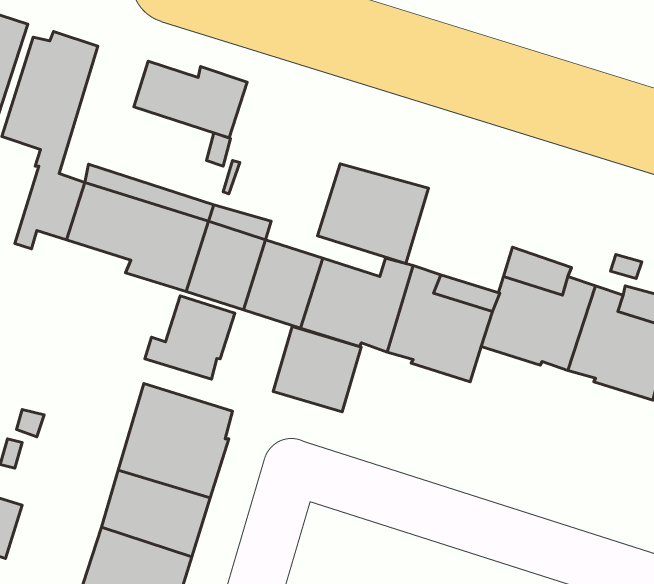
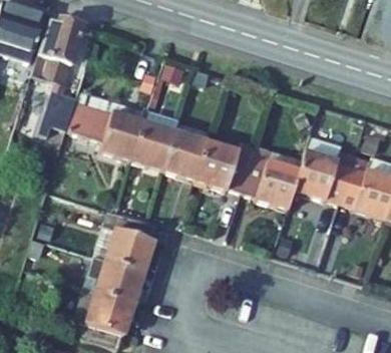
building: [134,61,247,138] -> none
building: [318,164,428,264] -> none
building: [145,296,235,379] -> none
building: [273,327,361,412] -> none

